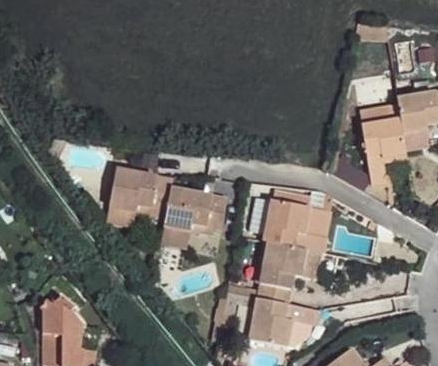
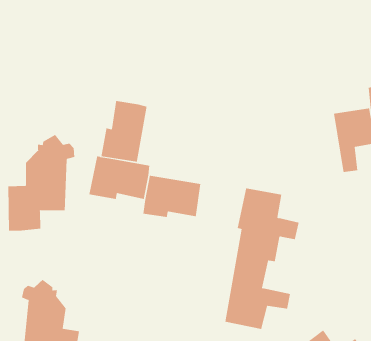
building: none -> [101,100,147,162]
building: none -> [8,134,75,232]

